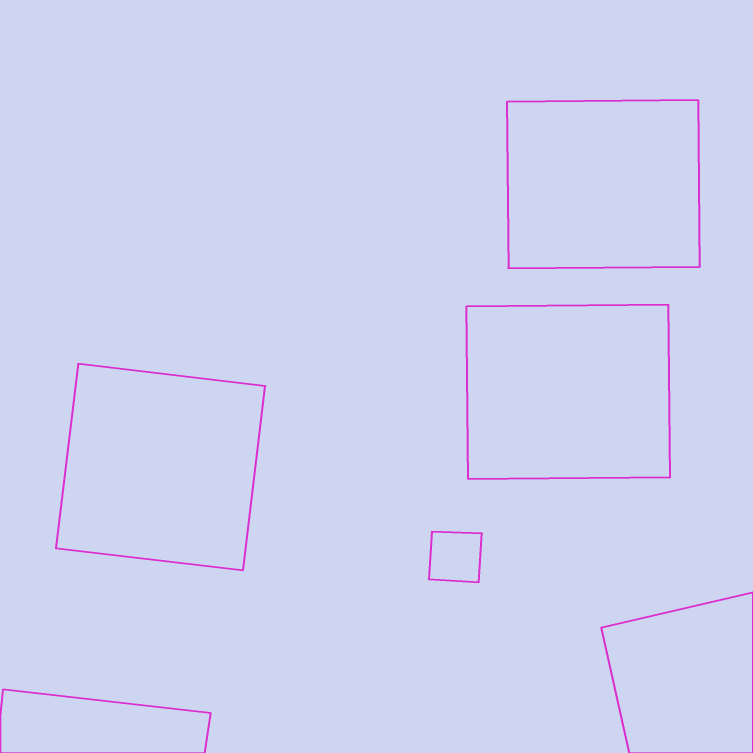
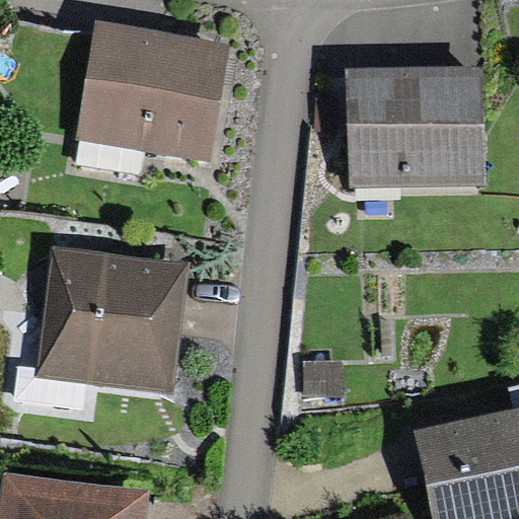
building: none -> [79,24,230,164]
building: [467,305,670,479] -> none

